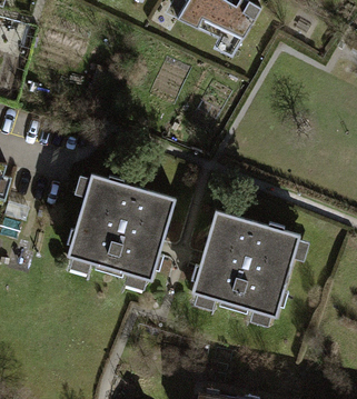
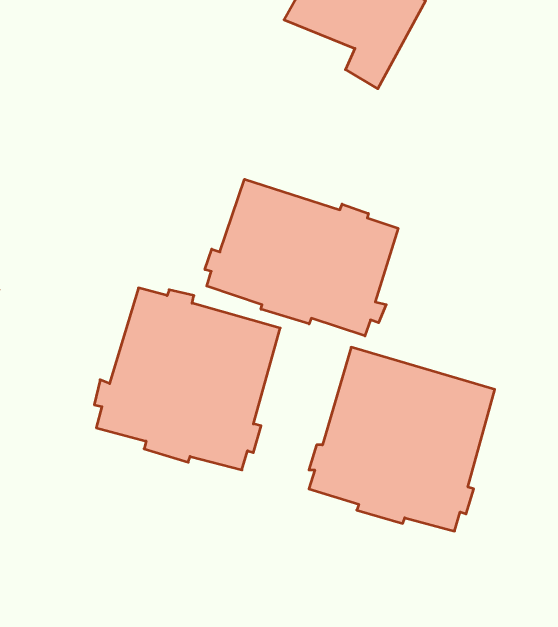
building: none -> [205,179,398,336]

